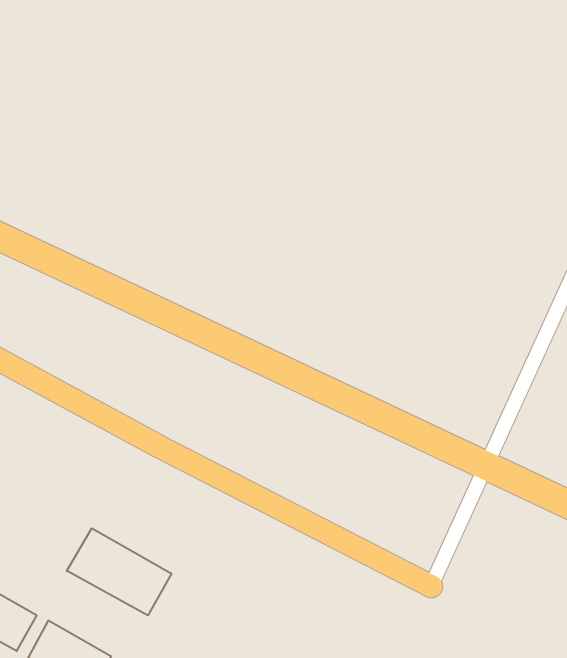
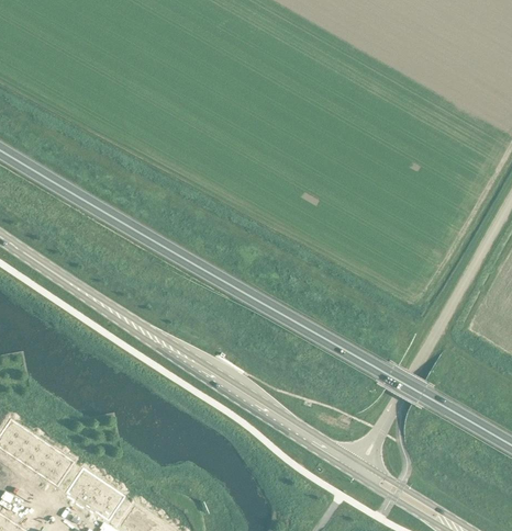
building: [67,528,171,615] -> none

